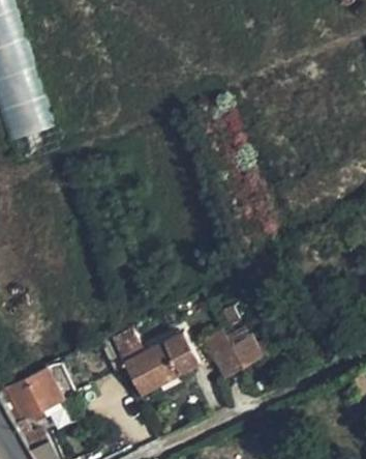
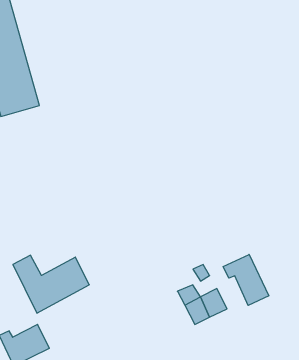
building: none -> [223,254,269,305]
building: [111,328,196,394] -> [13,255,89,313]

